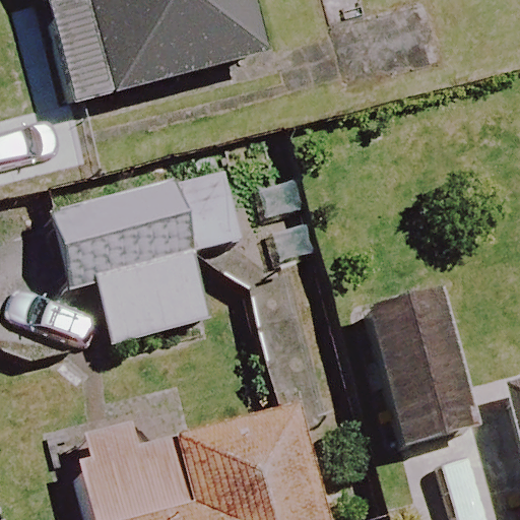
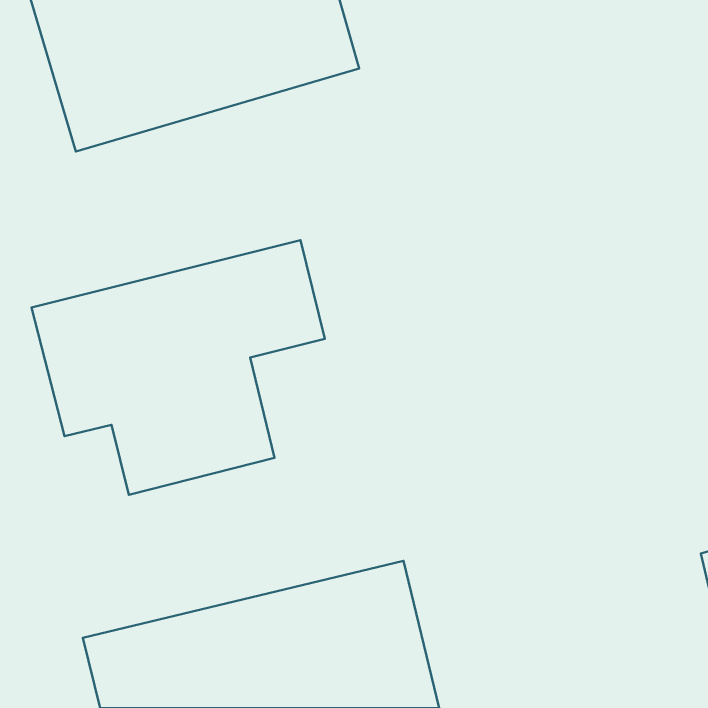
building: [346,303,479,451] -> none

